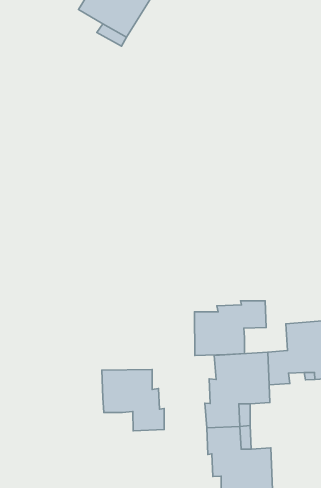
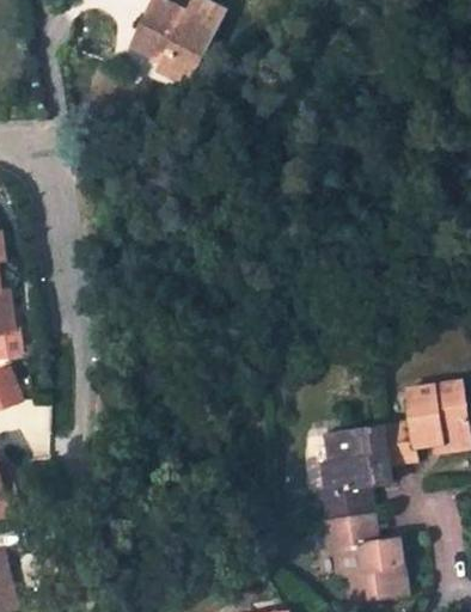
building: [195,301,266,356] -> none
building: [102,369,164,431] -> none

